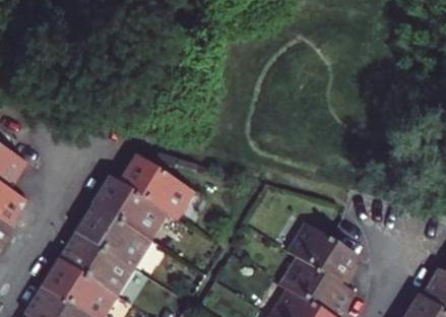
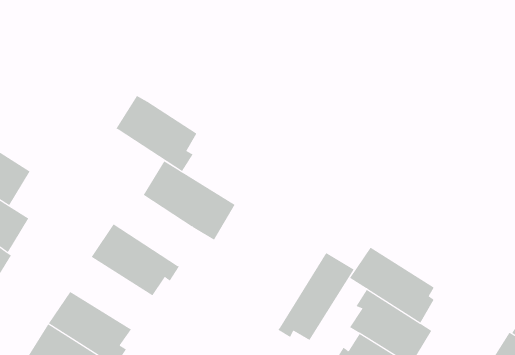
building: [92,176,160,239] -> [116,95,197,172]
building: none -> [278,252,355,341]
building: [59,232,131,292] -> none

